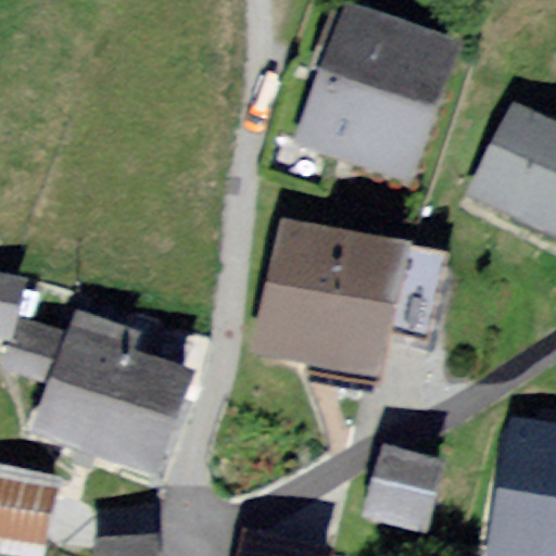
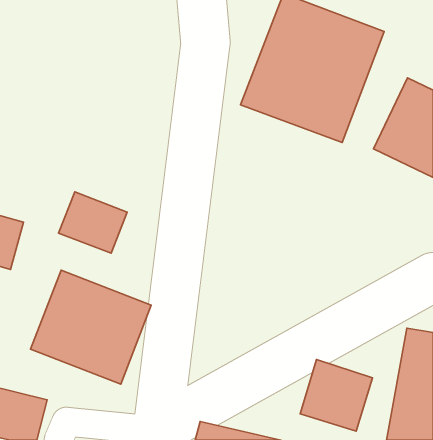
building: [278,230,427,378] -> none
building: none -> [58,192,127,253]

